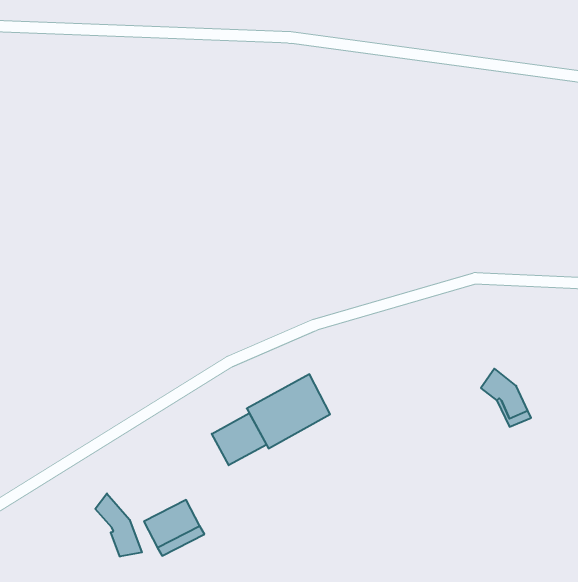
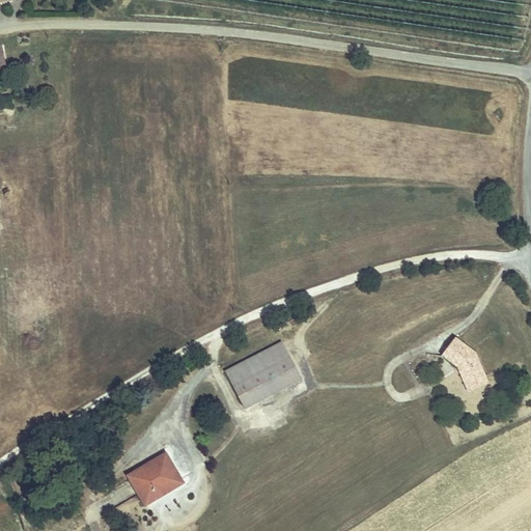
building: [212,413,266,465] -> none
building: [95,493,142,557] -> none

